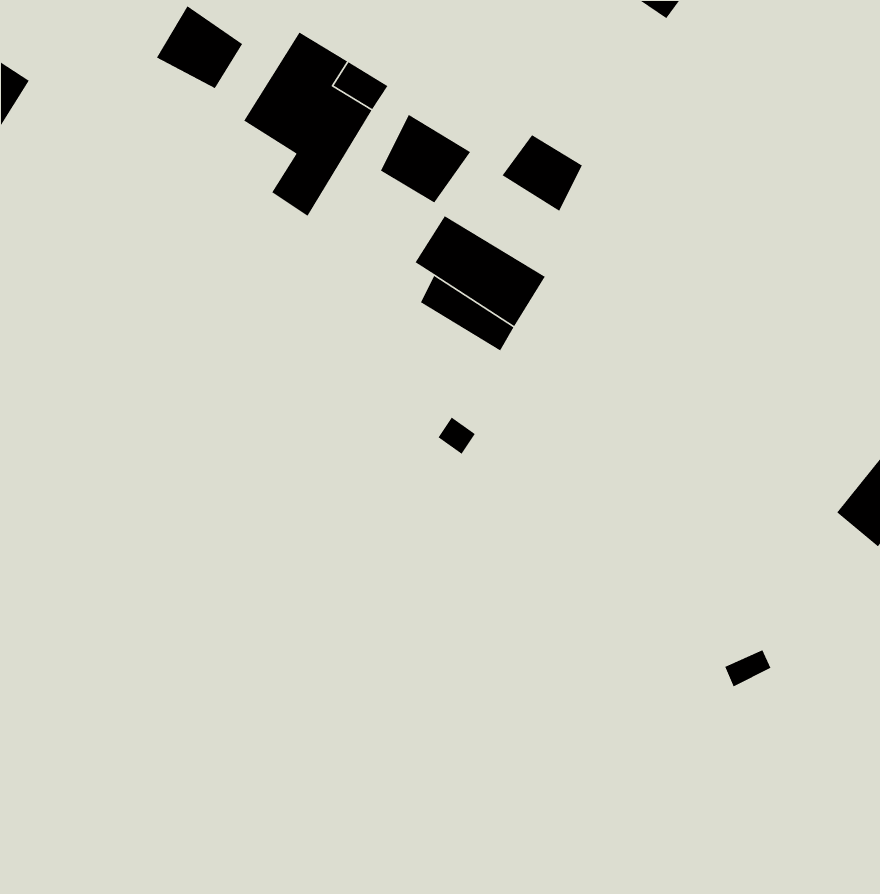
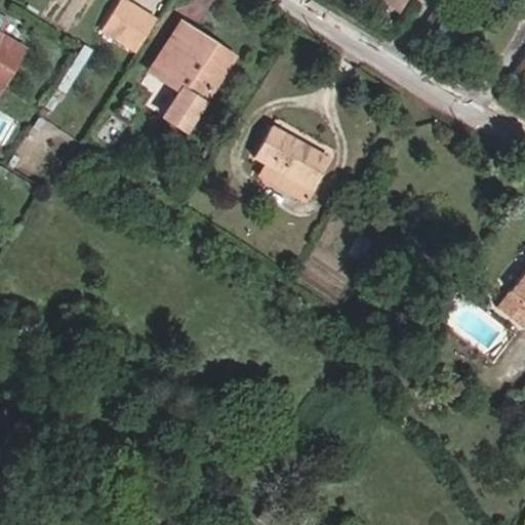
building: [380,114,471,204] -> none
building: [501,134,583,212] -> none

